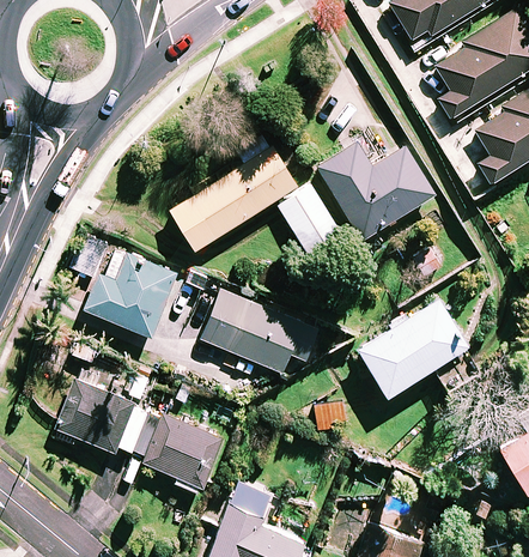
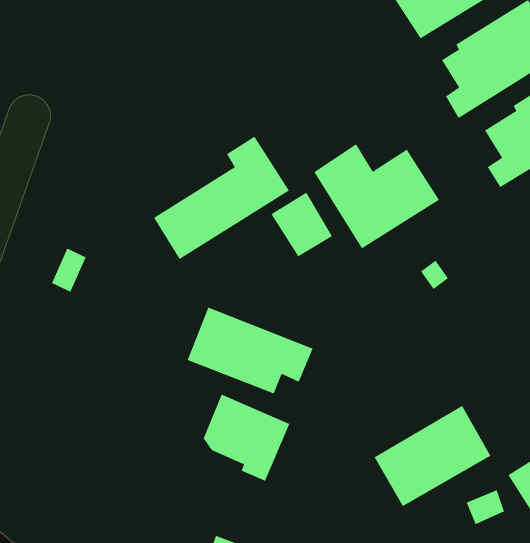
building: [85,253,177,337] -> none
building: [358,299,466,393] -> [374,405,491,507]
building: [57,381,148,458] -> none
building: [141,413,221,494] -> [203,394,290,481]

